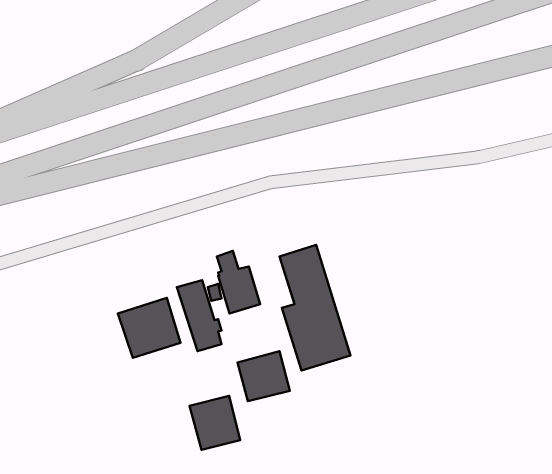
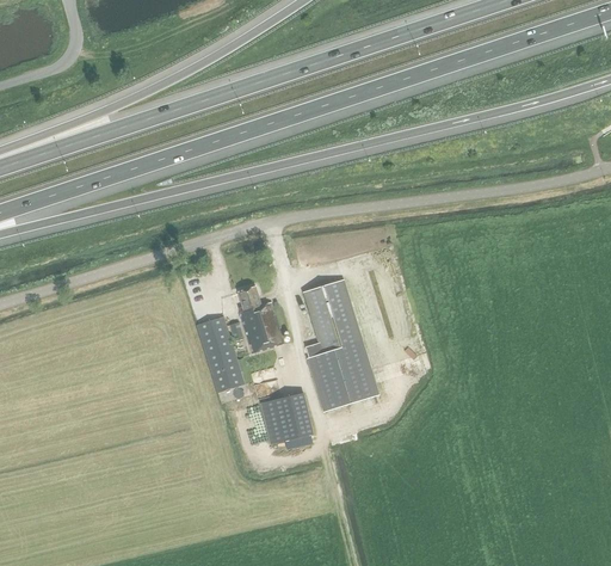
building: [118,298,181,358] -> none
building: [190,396,240,450] -> none

